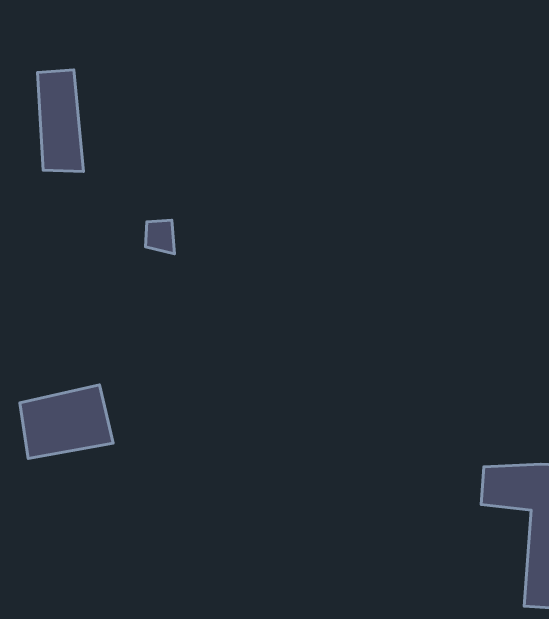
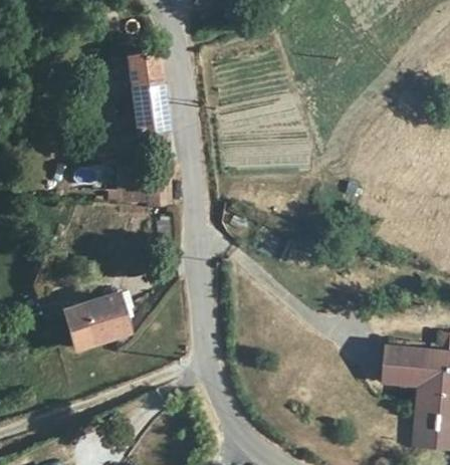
building: [38,70,84,171] -> [135,54,168,128]

